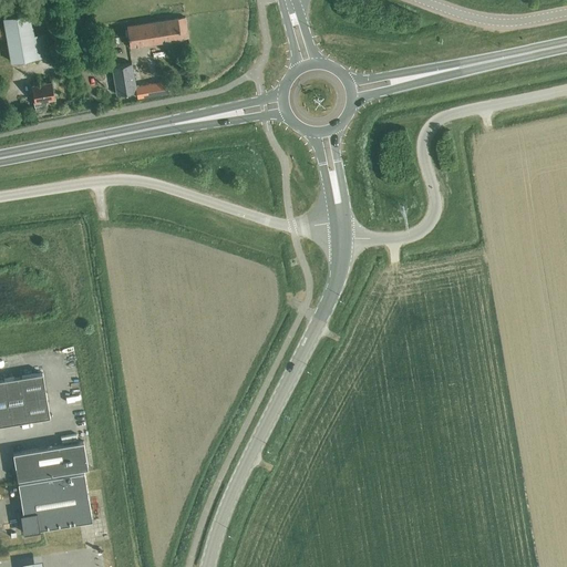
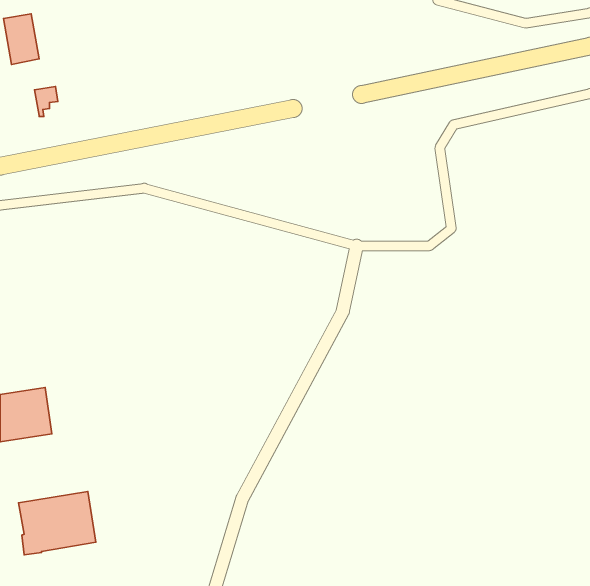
building: [126,19,188,49] -> none
building: [111,64,169,99] -> none
building: [13,444,87,483] -> none

